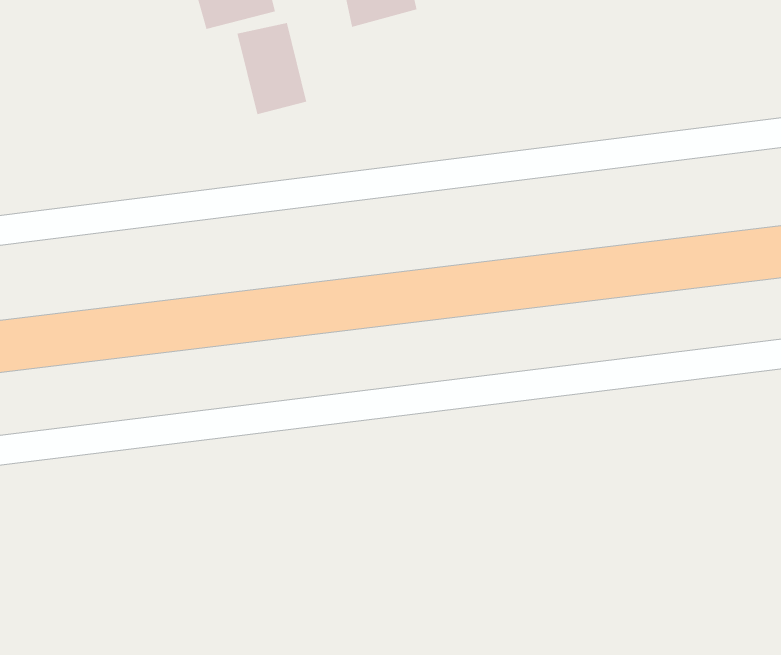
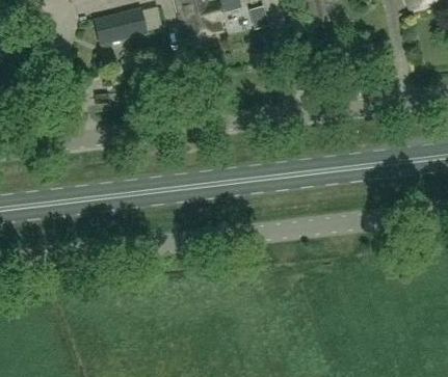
building: [236,22,307,115] -> none

